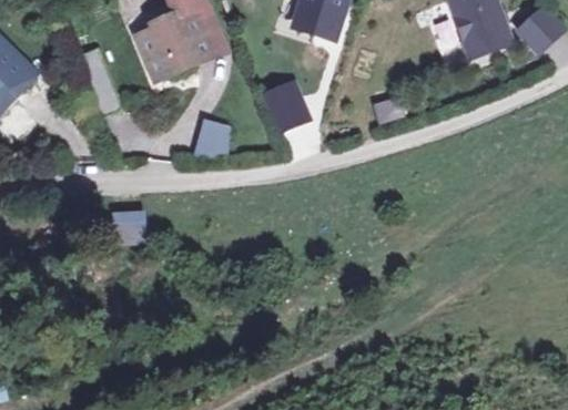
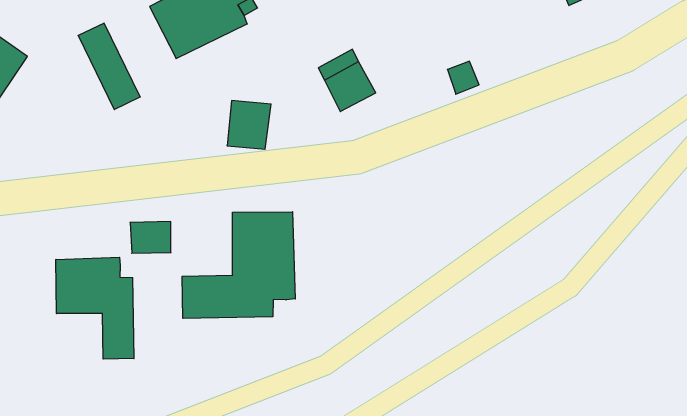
building: none -> [182,212,295,318]
building: none -> [56,257,134,359]

